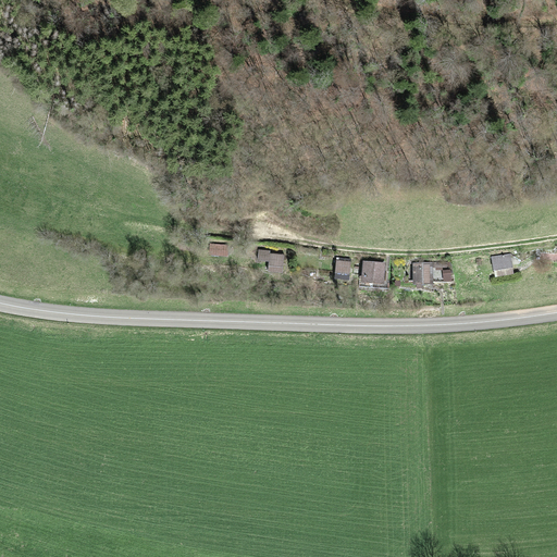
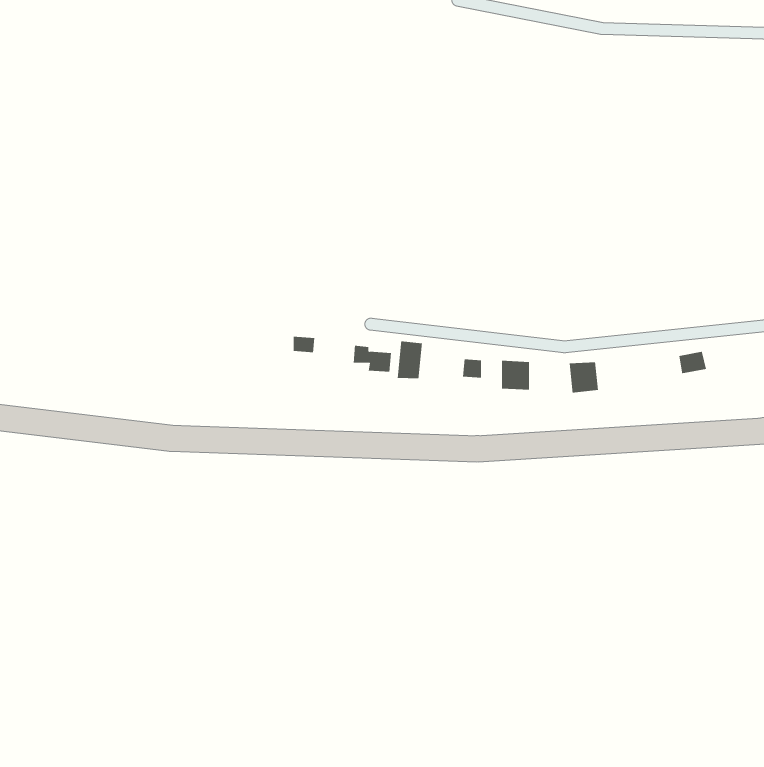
building: none -> [397,340,422,379]

